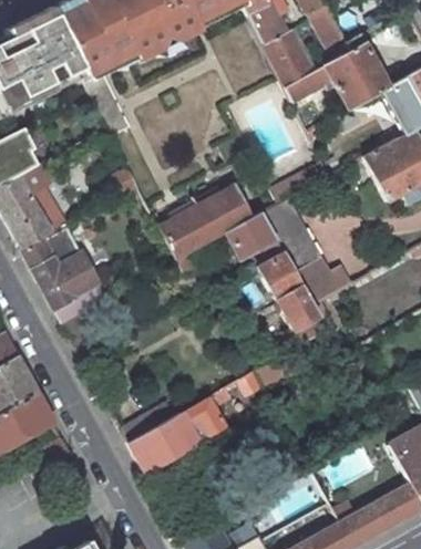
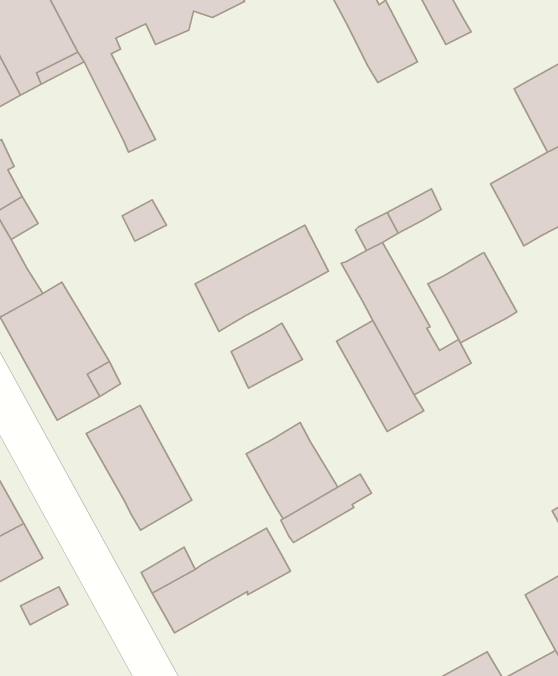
building: [288,35,391,110] -> none
building: none -> [428,253,517,343]
building: [227,214,277,259] -> [231,323,303,388]
building: none -> [86,406,192,530]
building: none -> [246,423,337,519]

